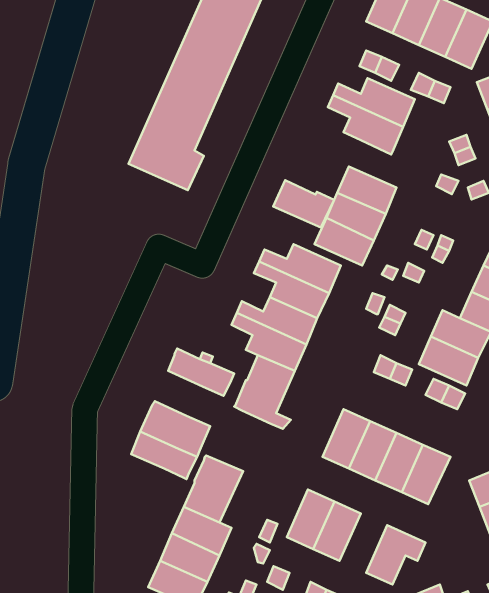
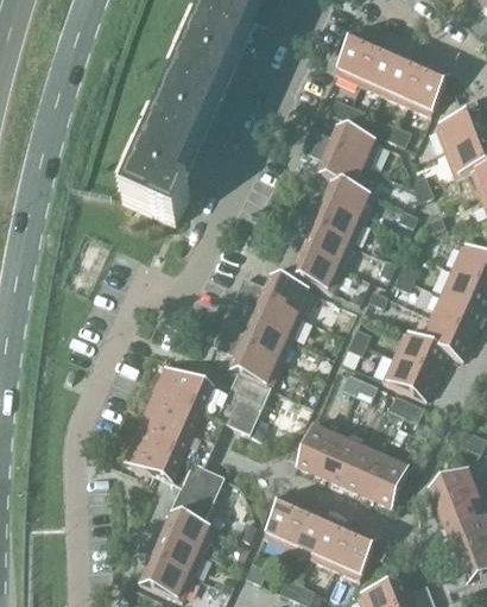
building: [273,180,334,228] -> [320,178,374,221]
building: none -> [145,386,207,436]
building: none -> [311,514,354,568]

